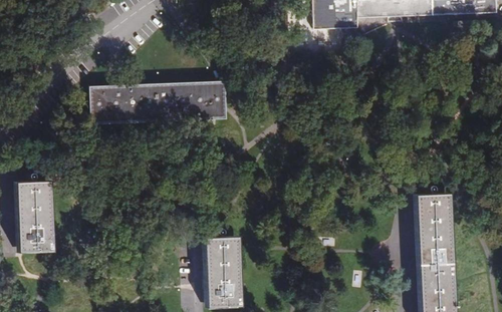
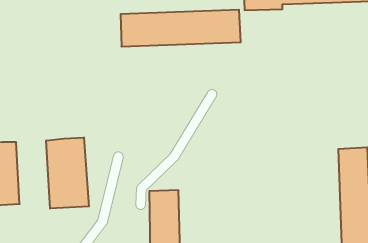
building: [88,82,229,125] -> [121,10,241,47]
building: none -> [46,137,89,209]

